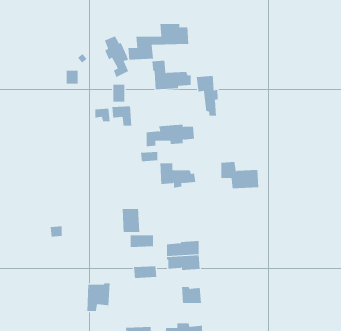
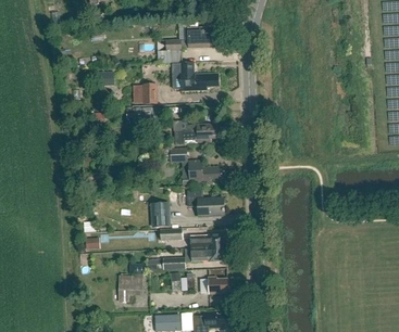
building: [104,36,129,78] -> none
building: [196,75,218,116] -> none
building: [220,161,259,189] -> [187,190,224,216]

